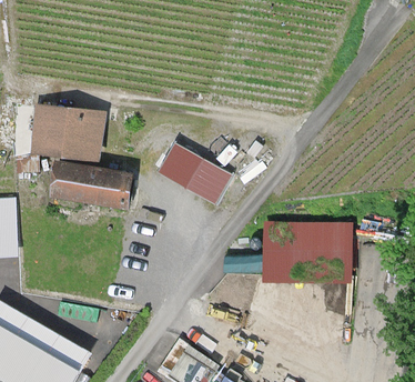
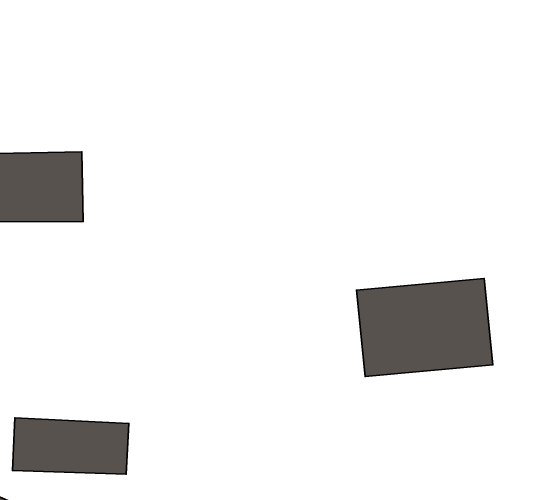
building: [160,144,226,199] -> none
building: [51,162,129,207] -> [12,418,129,474]

